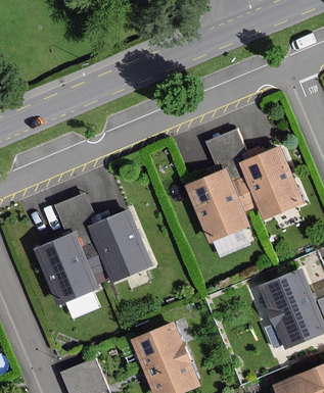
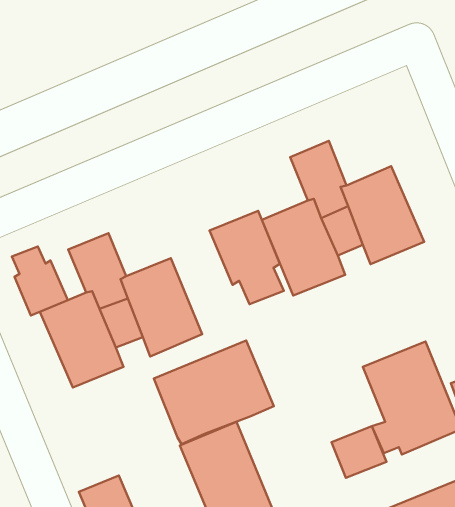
building: none -> [209,211,284,304]
building: none -> [12,246,68,315]
building: none -> [154,340,274,444]
building: none -> [331,426,386,478]

